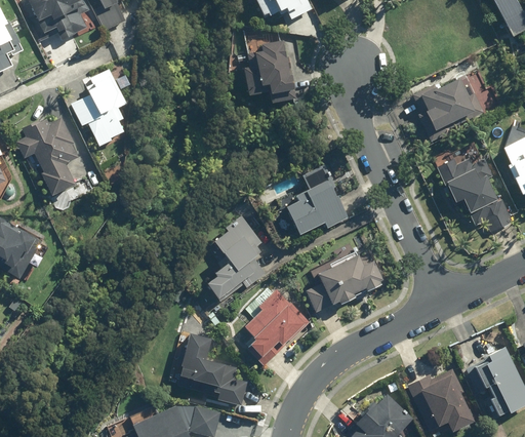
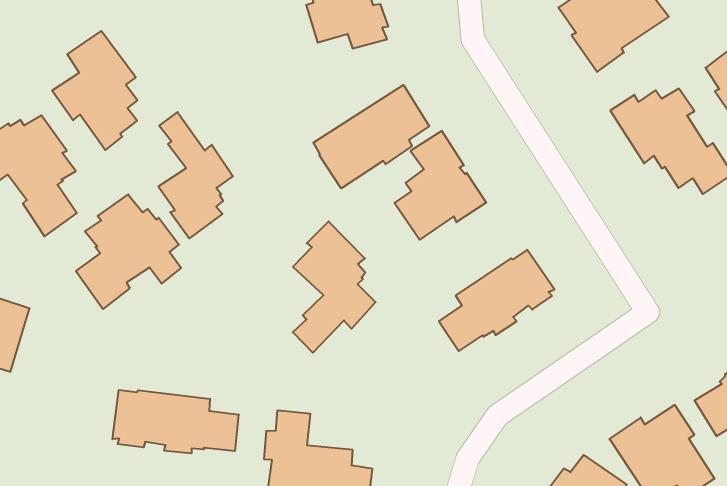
building: none -> [158,112,233,238]
building: none -> [313,85,429,188]
building: none -> [76,194,181,309]
building: [245,290,310,366] -> none
building: none -> [112,390,239,453]

